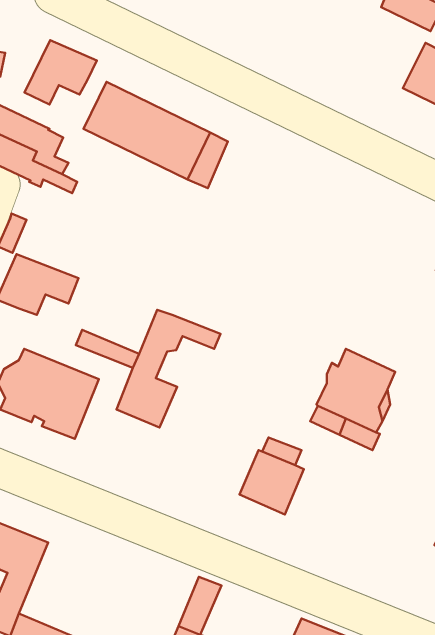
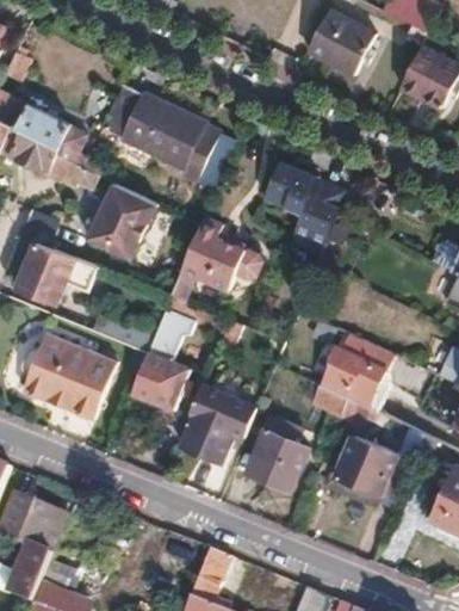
building: none -> [308,10,374,73]
building: [24,40,97,105] -> none
building: none -> [263,160,345,253]
building: none -> [86,184,156,259]
building: none -> [169,216,263,301]
building: none -> [181,383,256,461]
building: none -> [334,433,407,501]

